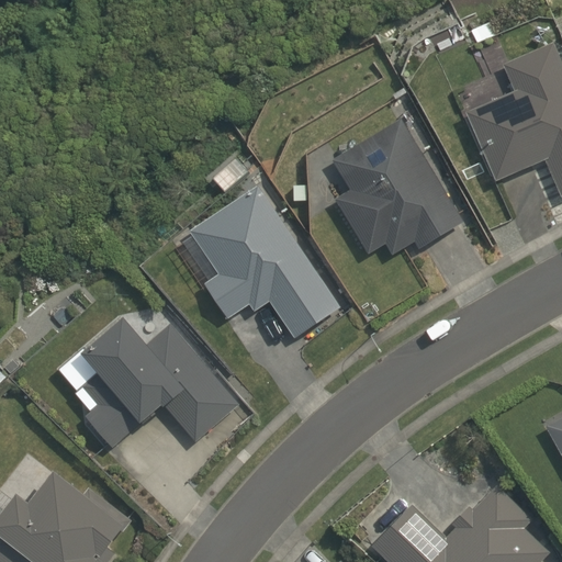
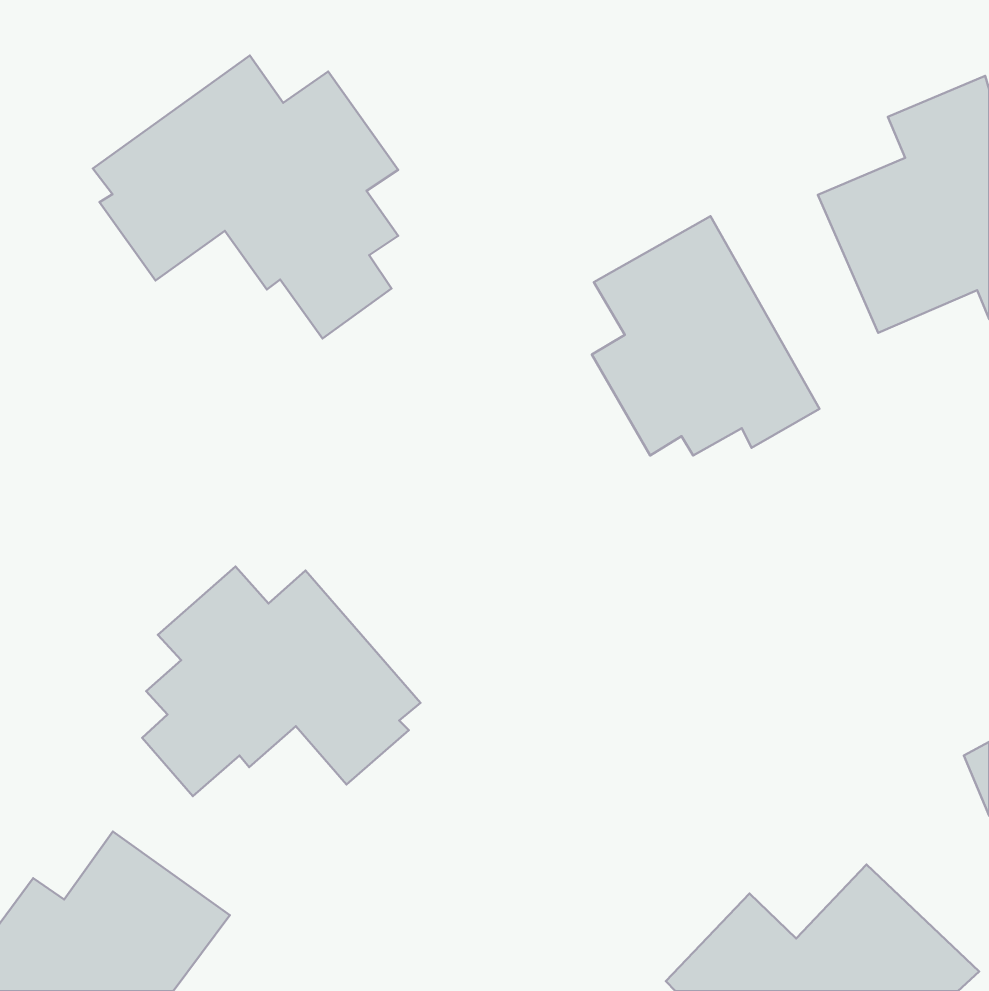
building: none -> [93,55,398,338]
building: [186,177,348,340] -> none

